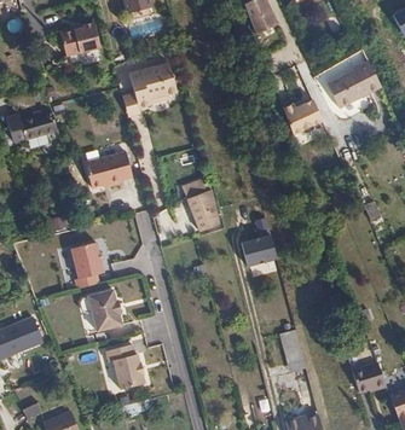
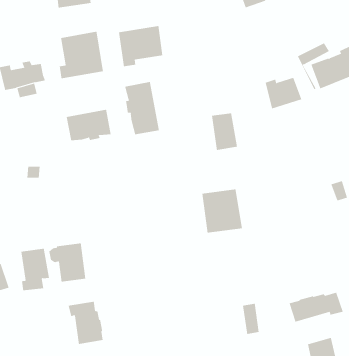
building: none -> [59,31,103,79]
building: none -> [125,81,159,135]
building: [193,188,224,228] -> [211,113,238,150]
building: [71,242,104,287] -> [21,248,50,291]
building: none -> [289,292,343,323]

